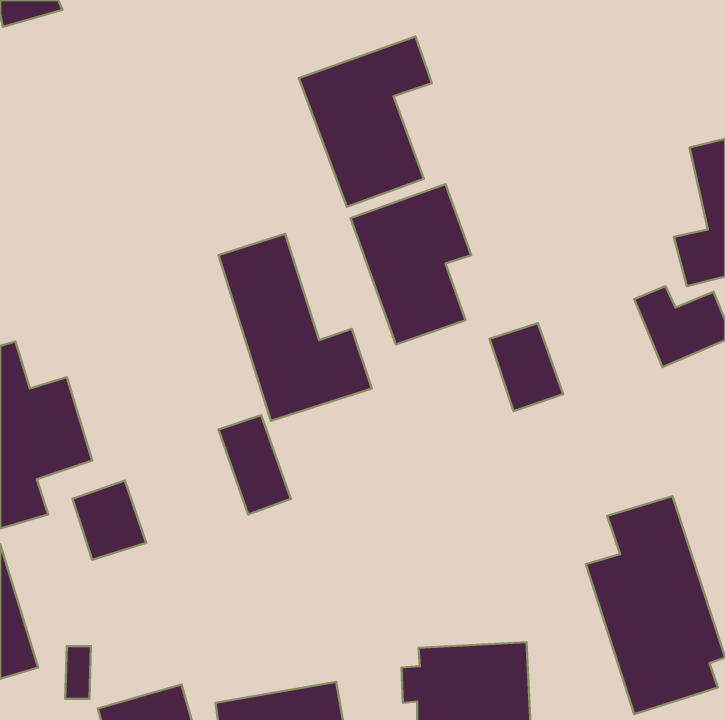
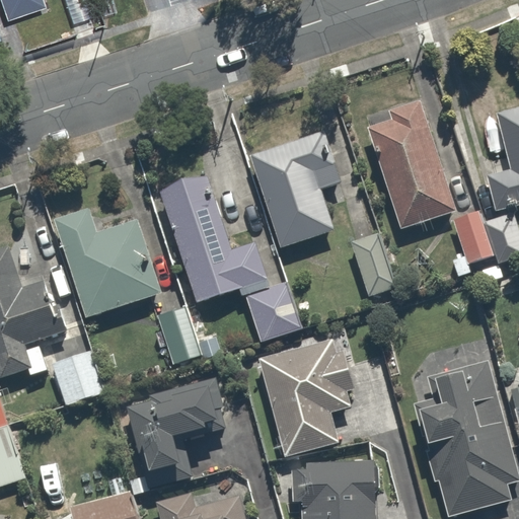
building: [299,36,432,207] -> none
building: none -> [363,104,456,228]
building: none -> [52,210,159,316]
building: none -> [242,282,298,340]
building: none -> [258,339,356,452]
building: none -> [126,386,225,467]

